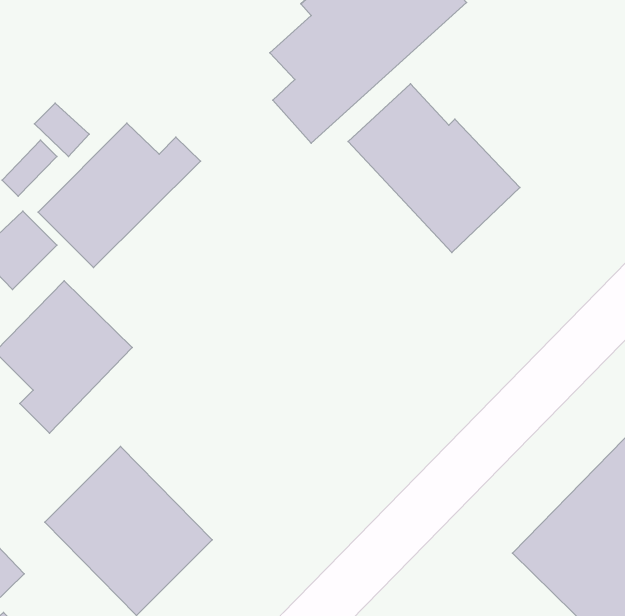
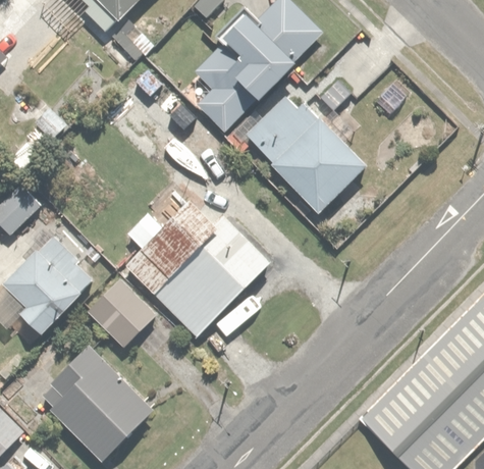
building: [38,123,201,268] -> none
building: none -> [125,191,270,338]
building: none -> [88,278,158,349]

